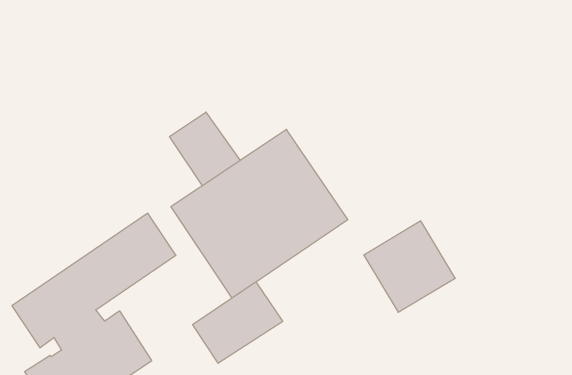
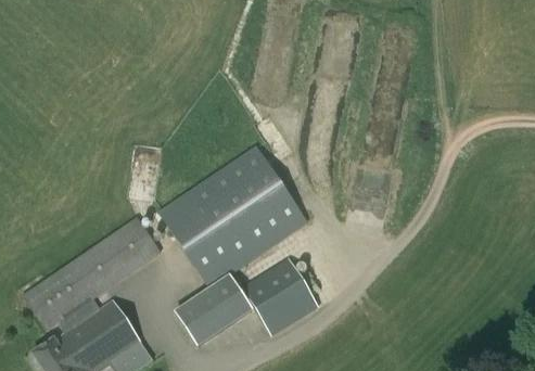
building: [170,112,240,186] -> none
building: [364,221,455,312] -> [241,258,319,336]

